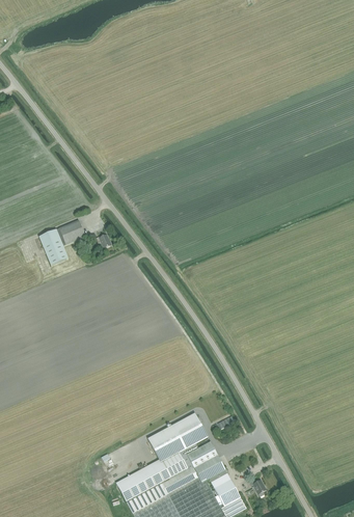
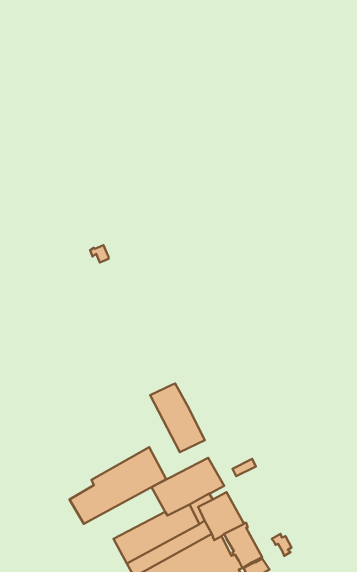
building: [39,221,86,267] -> none
building: none -> [150,383,205,452]
building: none -> [70,447,166,524]

